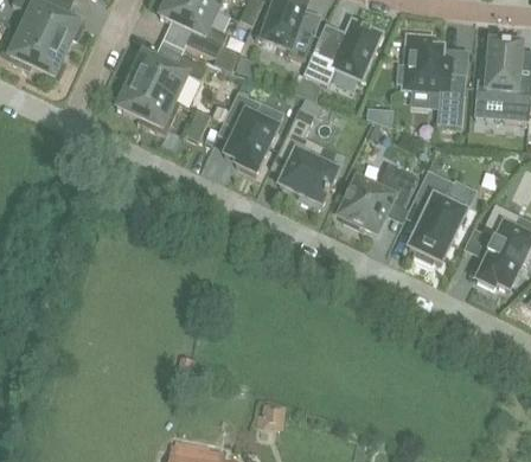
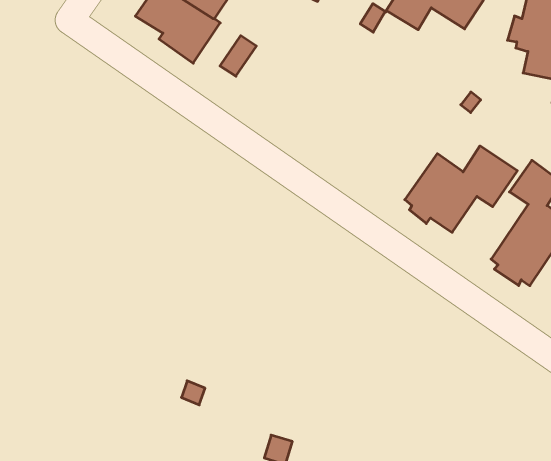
building: [223,91,277,173] -> none
building: [276,107,338,208] -> none

